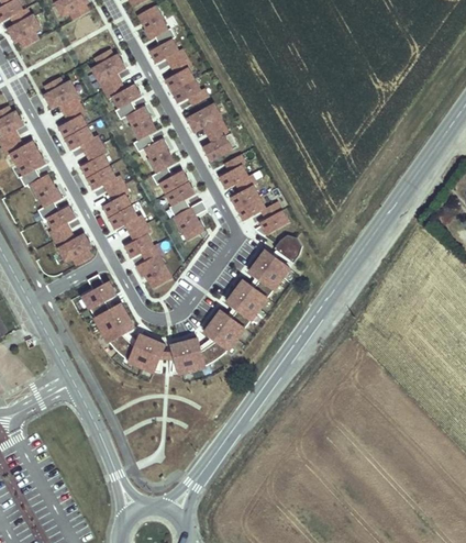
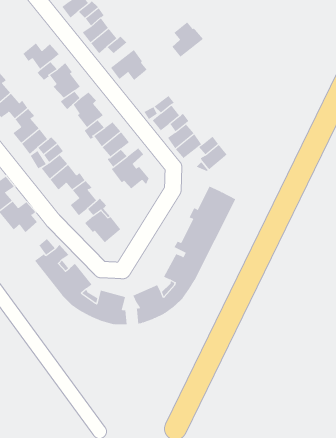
building: [91,48,123,89] -> none
building: [203,125,236,159] -> [171,21,204,58]
building: [273,234,301,262] -> none

